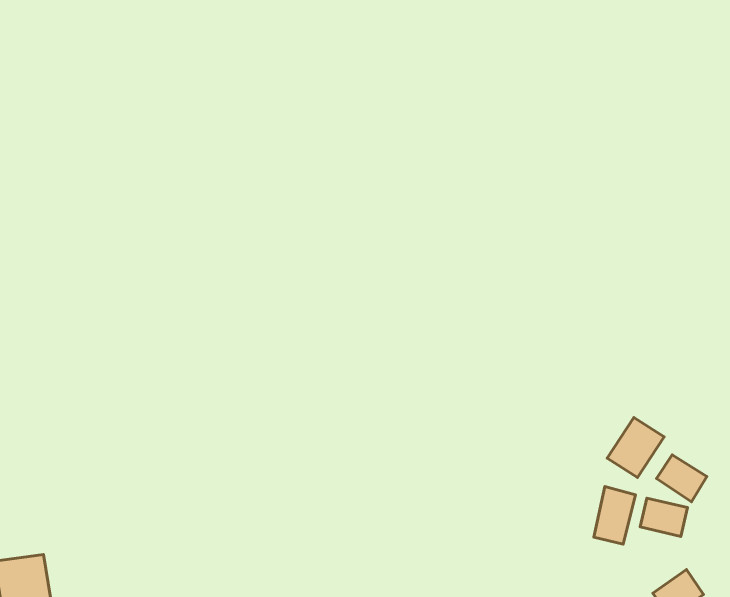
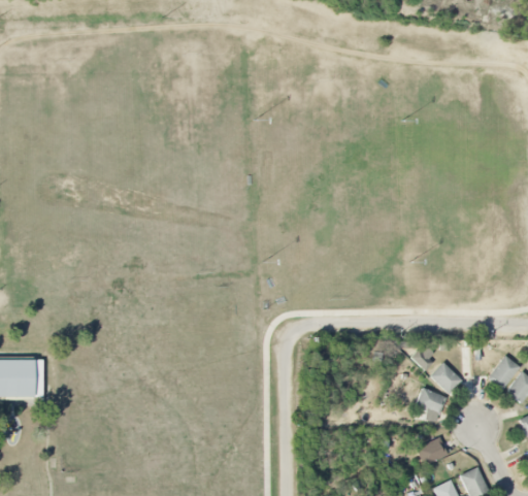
building: [607,417,664,478] -> none
building: [594,486,635,544] -> none

